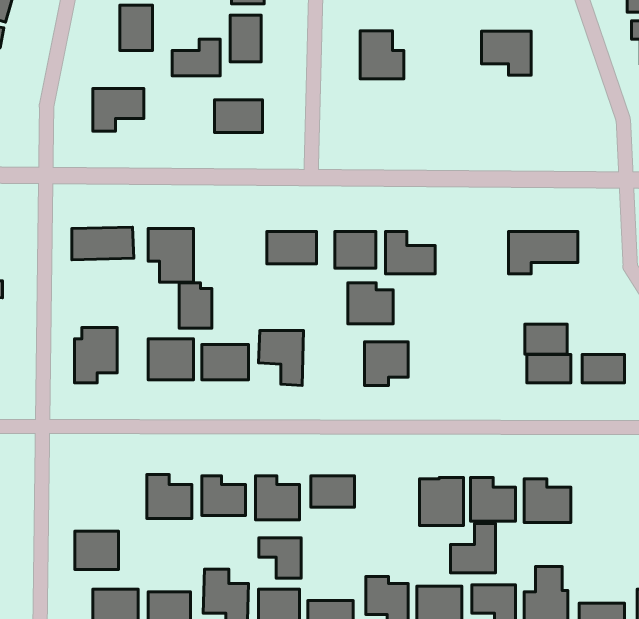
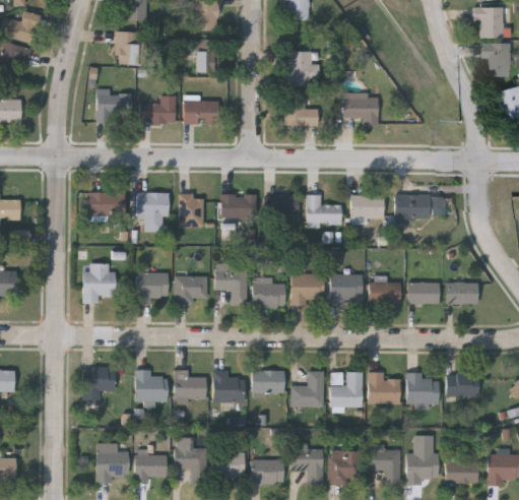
building: [482,31,531,75] -> [342,95,378,126]
building: [172,39,220,76] -> [140,97,175,123]
building: none -> [283,95,318,126]
building: none -> [351,195,383,220]
building: [348,283,393,324] -> [252,278,284,308]
building: [179,283,212,328] -> [179,194,202,227]
building: [525,324,567,354] -> [369,283,399,304]
building: none -> [330,274,361,306]
building: none -> [445,373,477,397]
building: [450,523,496,573] -> [290,371,323,407]
building: [75,531,119,569] -> [82,368,114,395]
building: [259,538,301,578] -> none

